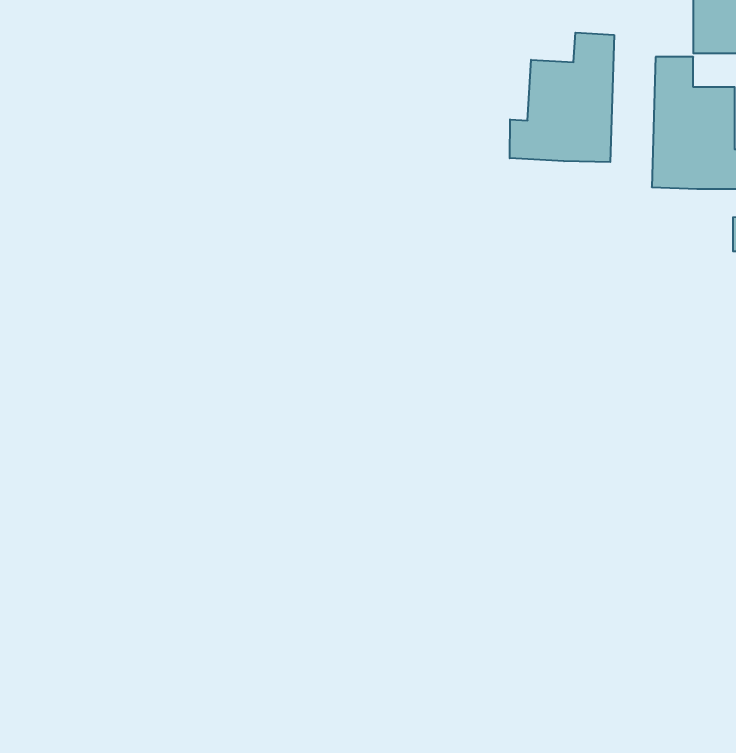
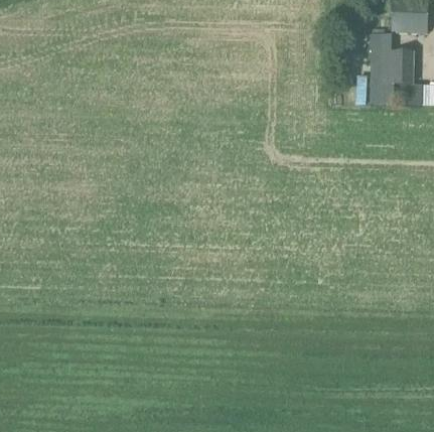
building: [510,33,614,162] -> none

